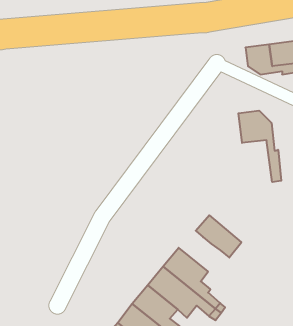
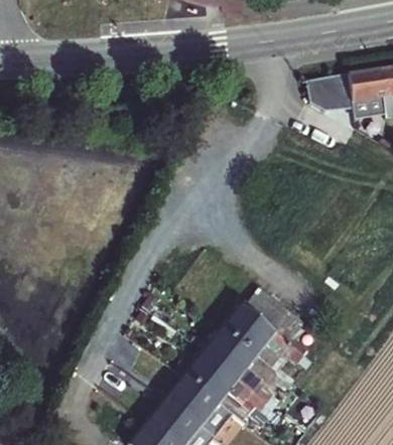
building: [238,111,281,182] -> none
building: none -> [224,305,306,365]

